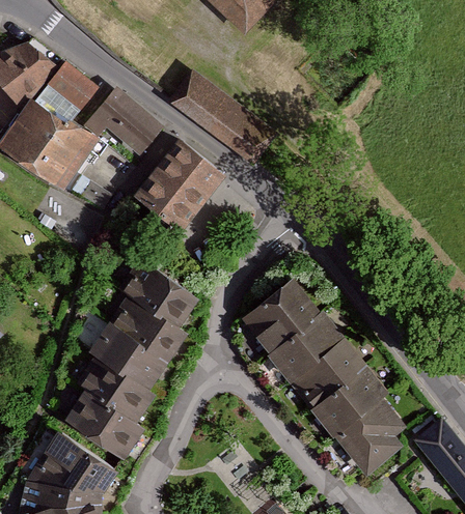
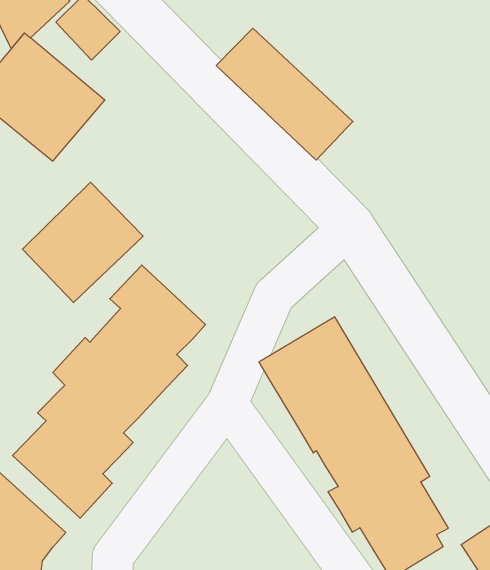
building: [88,89,164,153] -> none
building: [136,141,226,234] -> [22,182,143,303]

